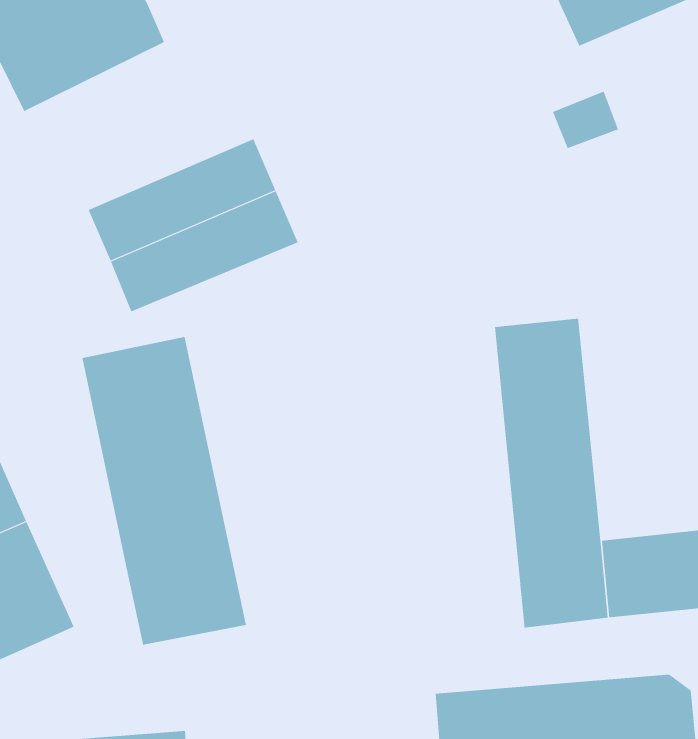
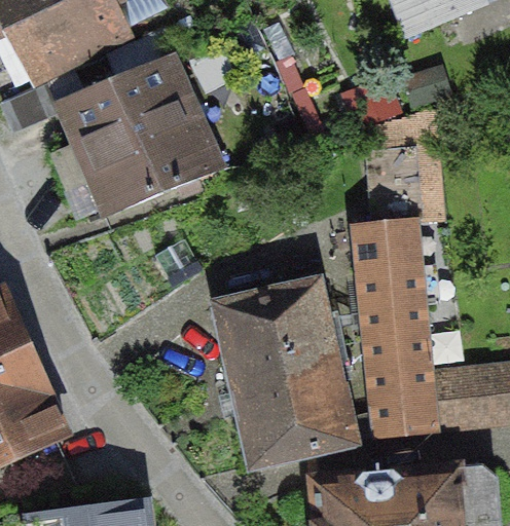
building: none -> [57,57,190,147]
building: [82,336,246,646] -> none
building: none -> [218,280,355,466]

